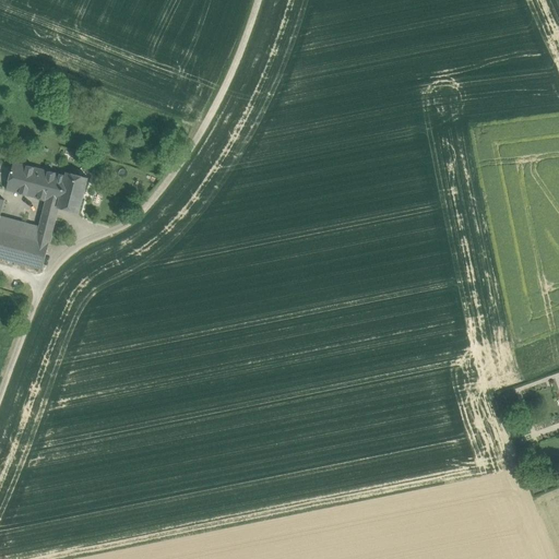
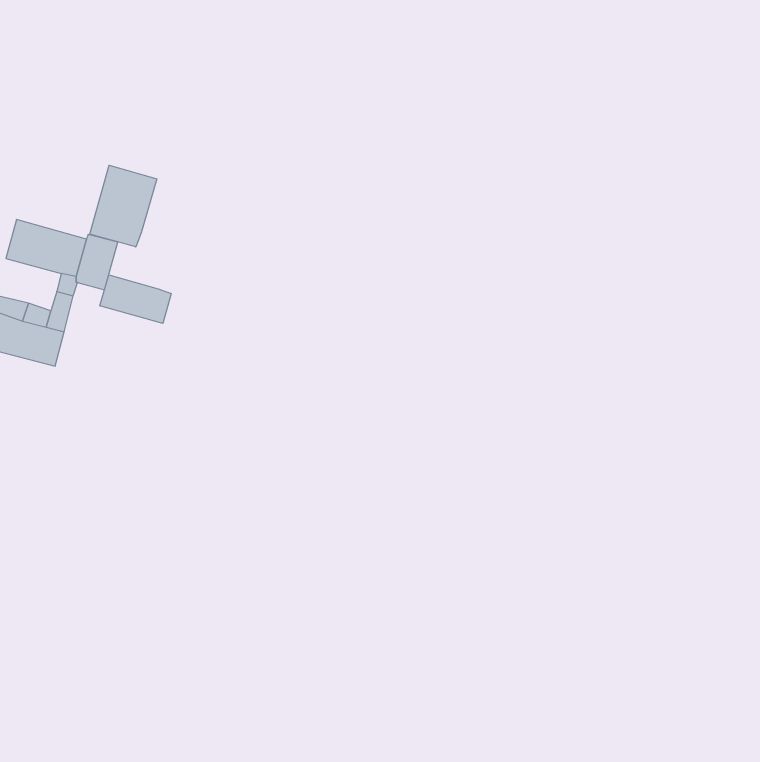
building: none -> [90,165,157,247]
building: none -> [100,275,171,323]

